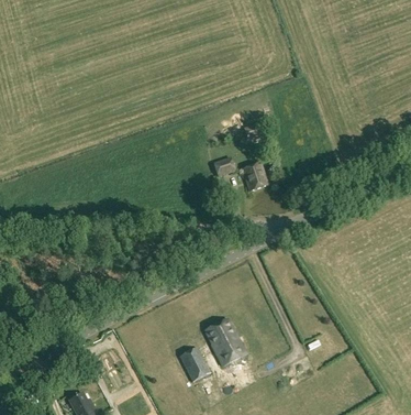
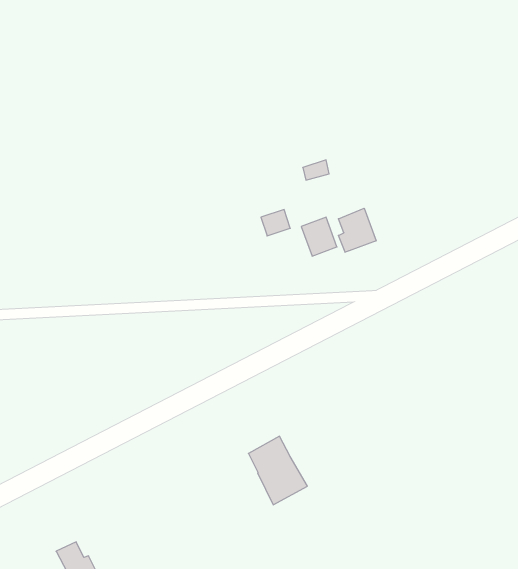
building: none -> [338,208,376,252]
building: [179,347,210,381] -> none

